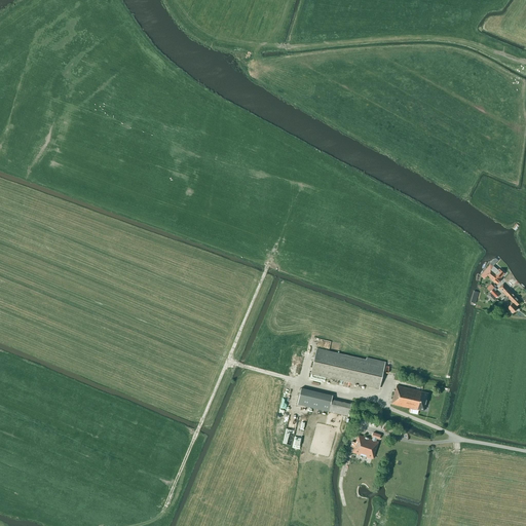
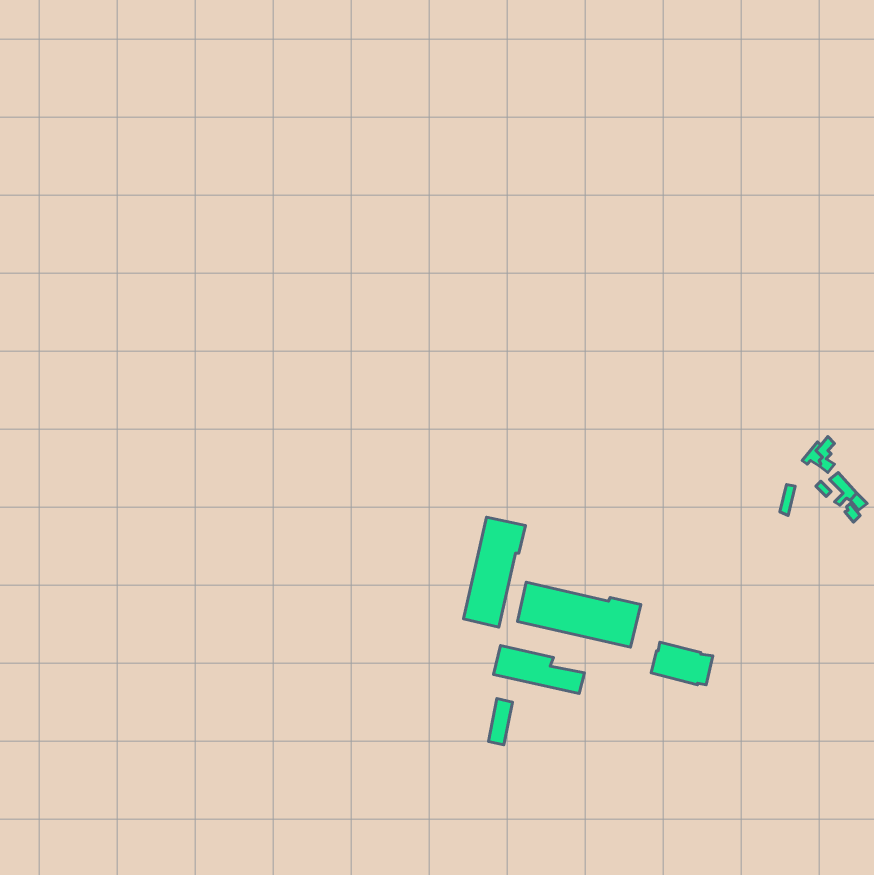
building: none -> [463,517,525,627]
building: [349,435,377,459] -> none

